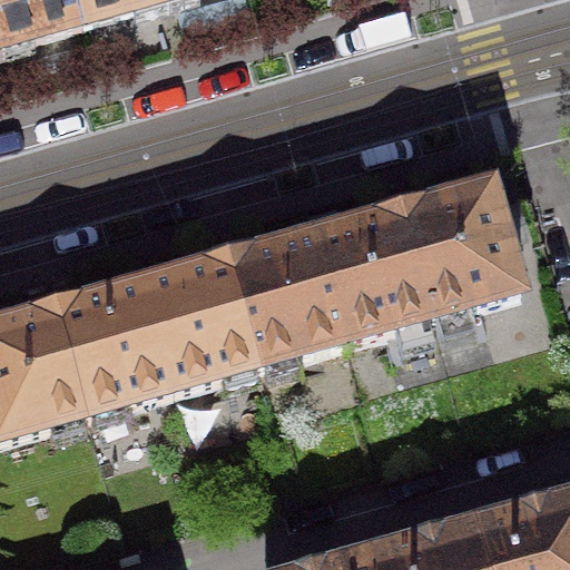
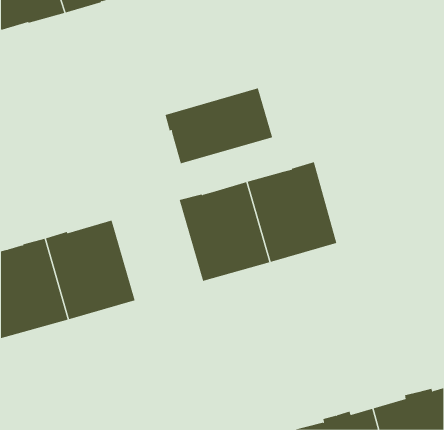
building: none -> [165,87,273,164]
building: [403,184,521,312] -> none
building: [144,256,259,385] -> none

